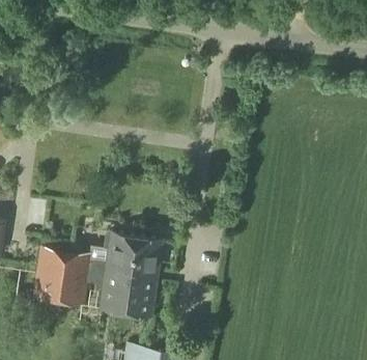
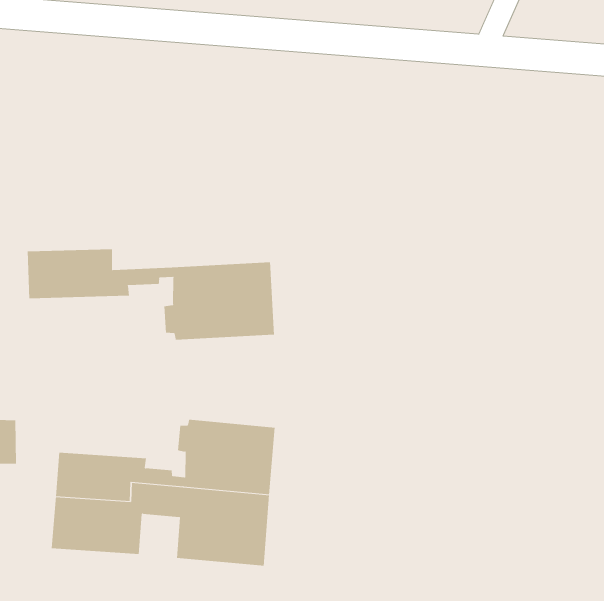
building: none -> [27,249,274,340]

